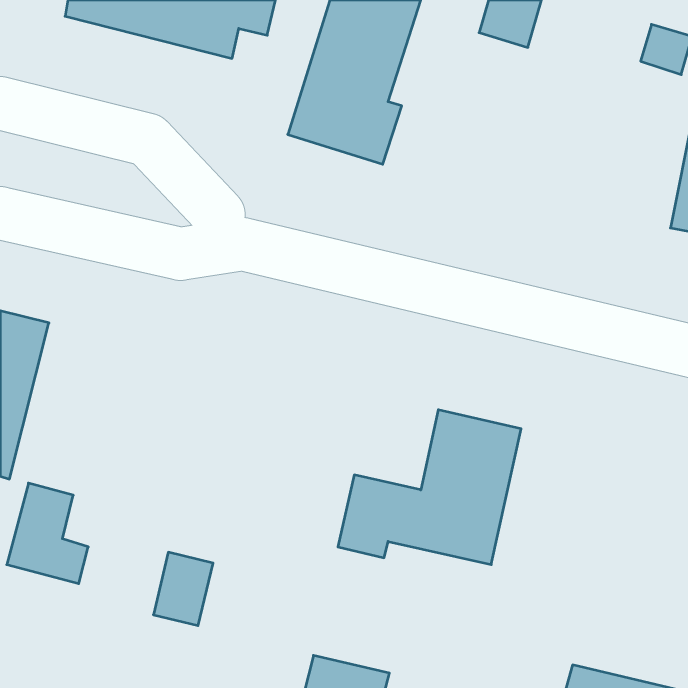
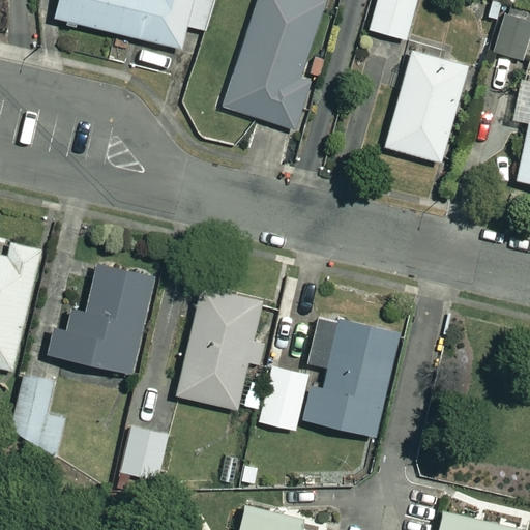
building: none -> [383,50,468,161]
building: none -> [52,260,159,372]
building: none -> [175,287,267,408]

